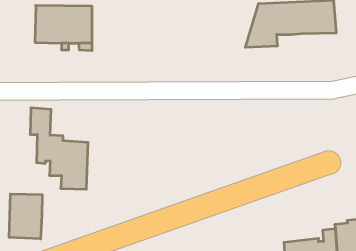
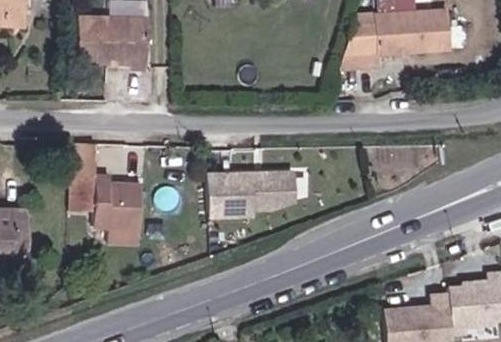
building: none -> [206,170,293,217]
building: [9,194,42,239] -> none

